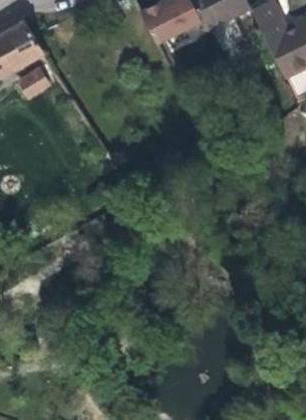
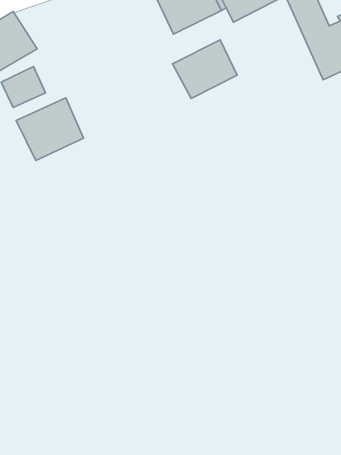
building: none -> [173,40,237,99]
building: none -> [16,98,84,160]

